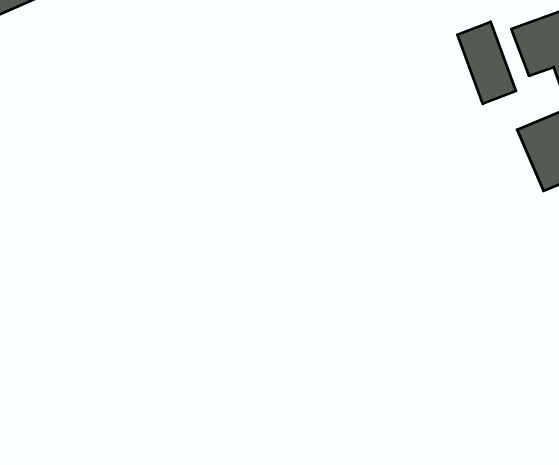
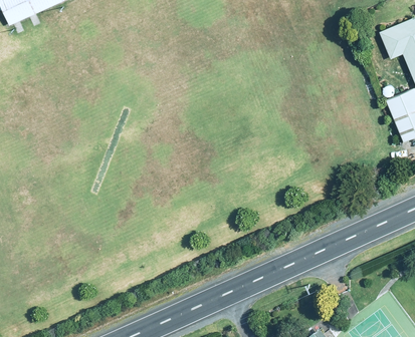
building: [457,22,516,104] -> none

